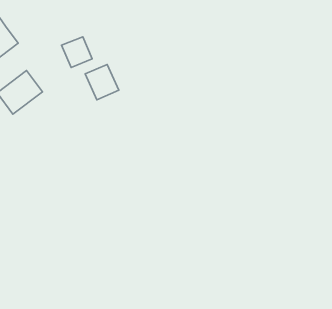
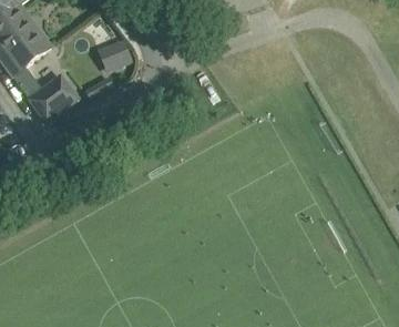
building: [85,64,119,100] -> none

